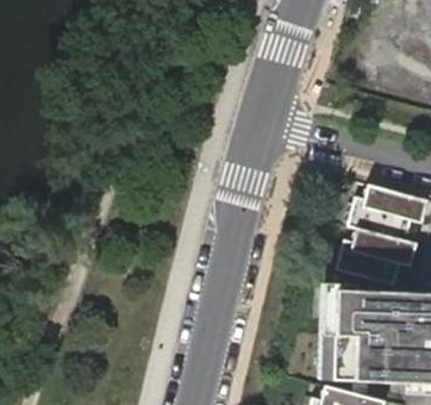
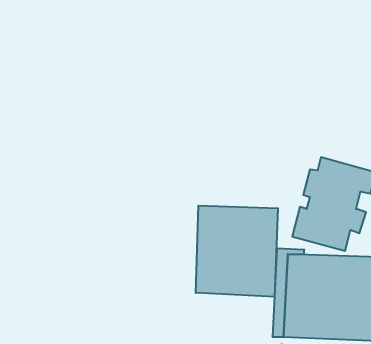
building: none -> [196,206,278,297]

